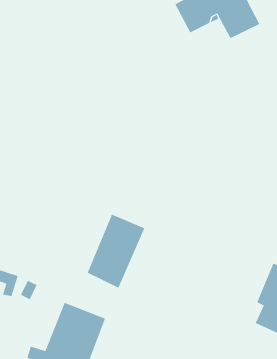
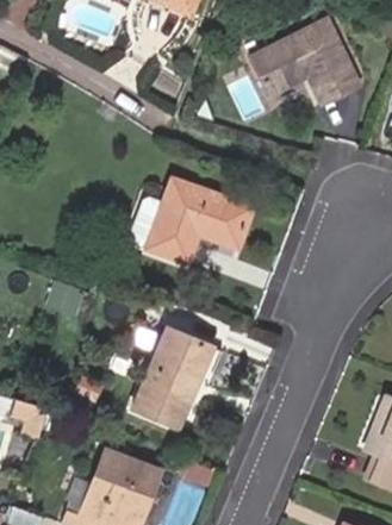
building: none -> [125,175,244,262]

